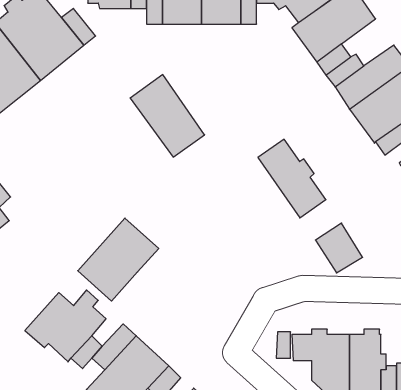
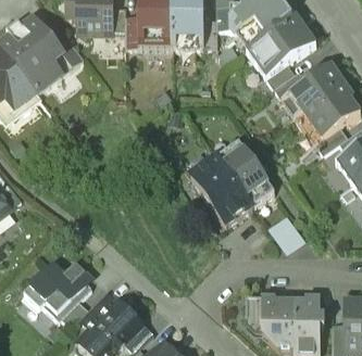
building: [130,75,205,157] -> [190,153,252,221]
building: [78,218,159,301] -> none

